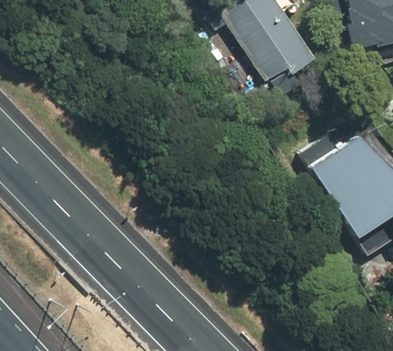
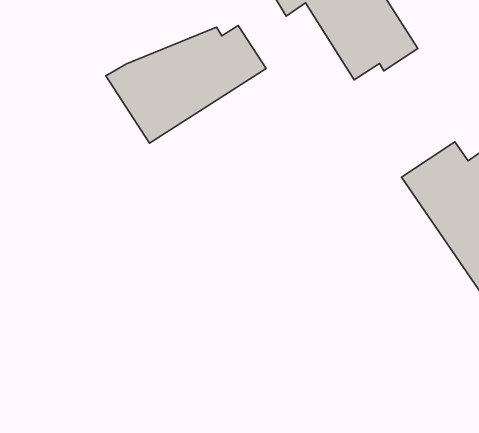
building: none -> [106,26,266,143]

